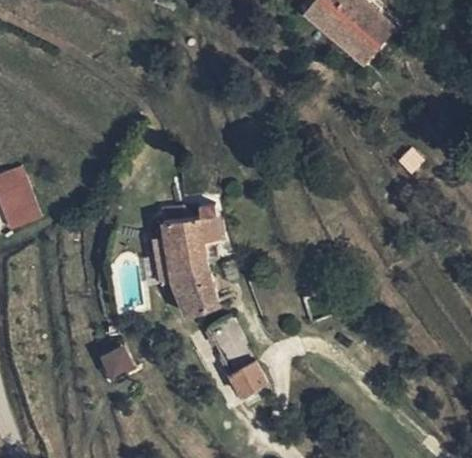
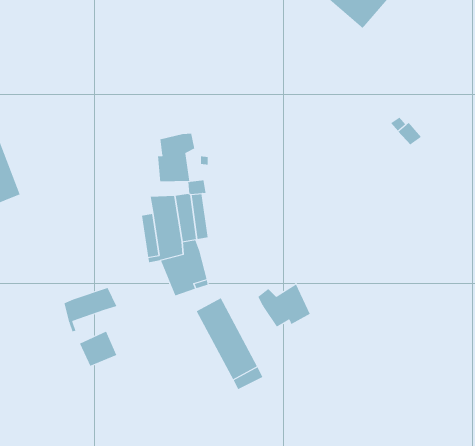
building: none -> [157,133,195,182]
building: none -> [257,284,311,327]
building: none -> [64,287,117,332]

